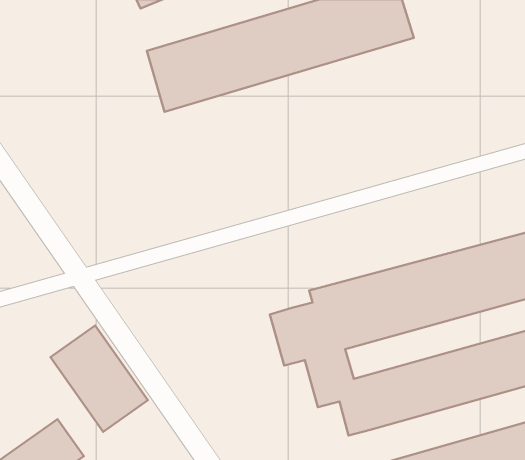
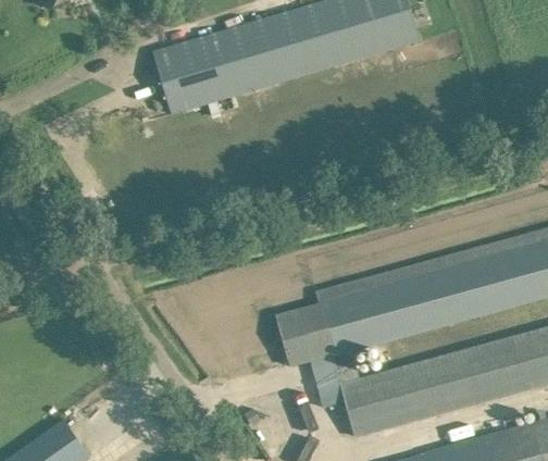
building: [50,326,148,432] -> none

